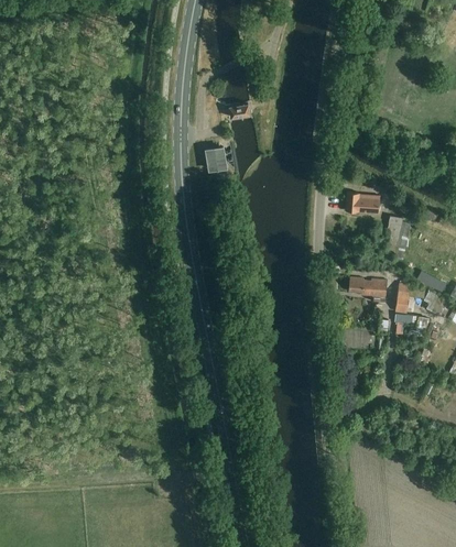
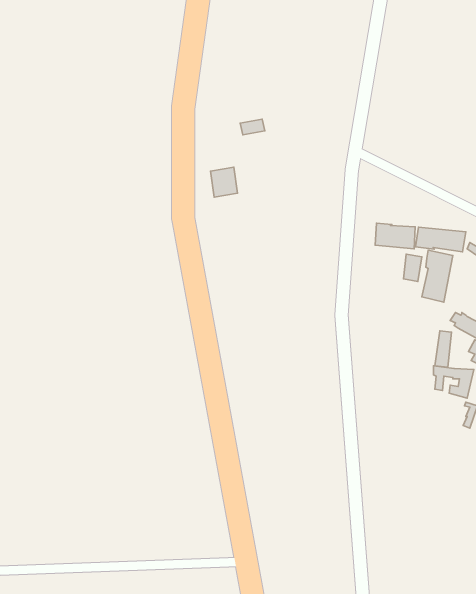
building: none -> [415,227,466,252]
building: [349,276,387,302] -> none

